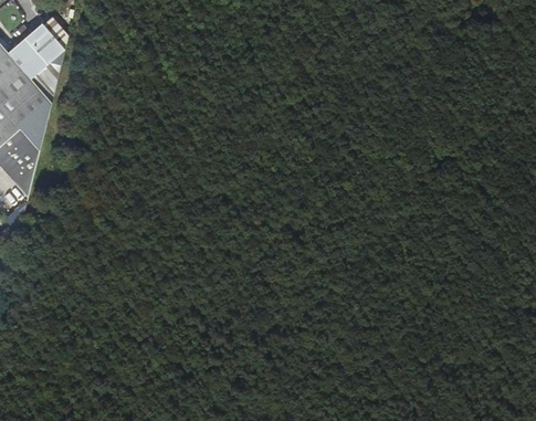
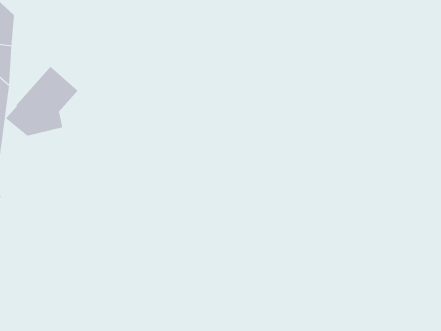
building: none -> [5,66,79,137]

